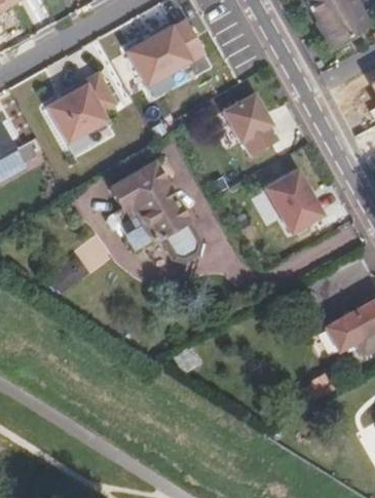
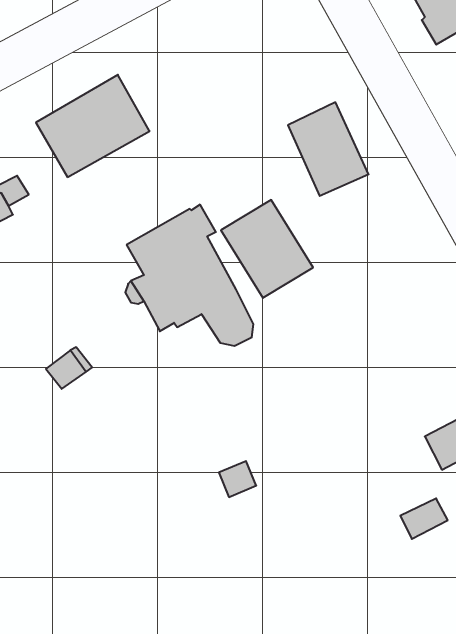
building: [127,27,193,87] -> none
building: [263,163,329,233] -> [221,200,313,298]

